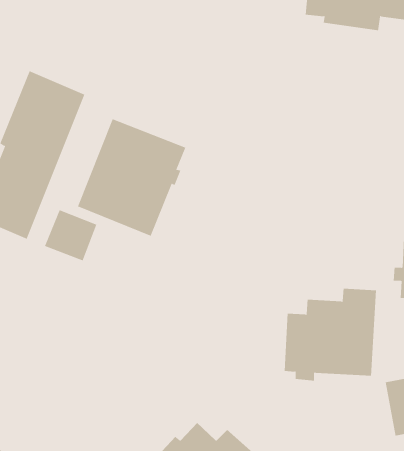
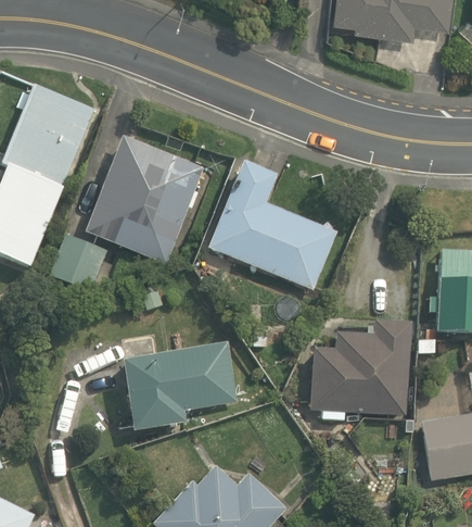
building: none -> [208,162,336,290]
building: none -> [123,341,238,431]

